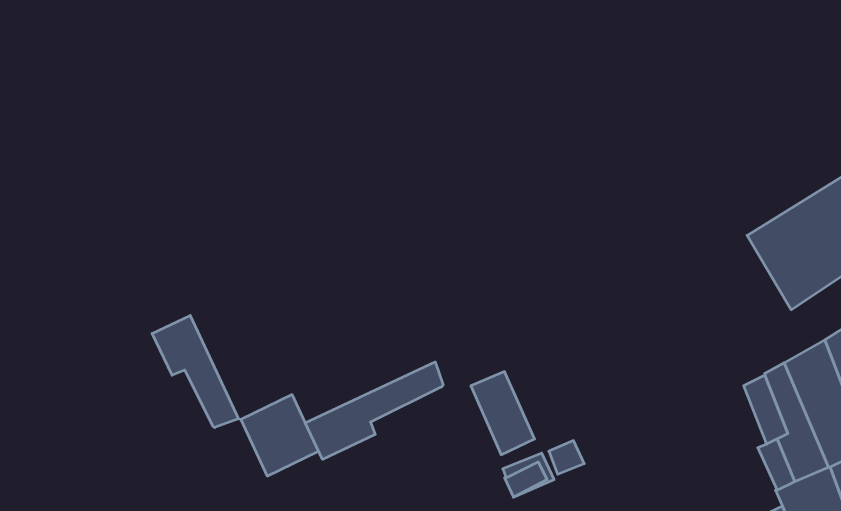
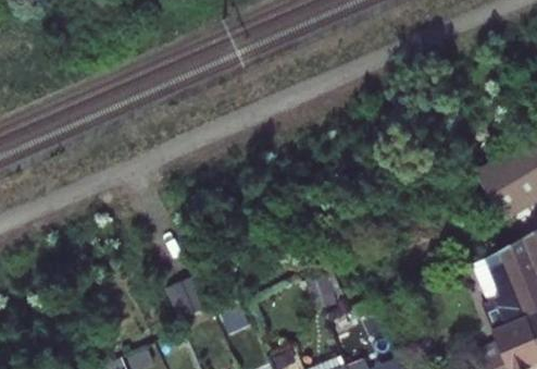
building: [152,315,239,428] -> none
building: [305,362,443,459] -> none

